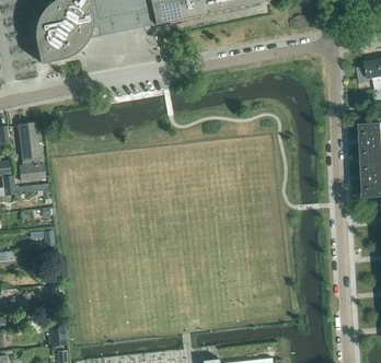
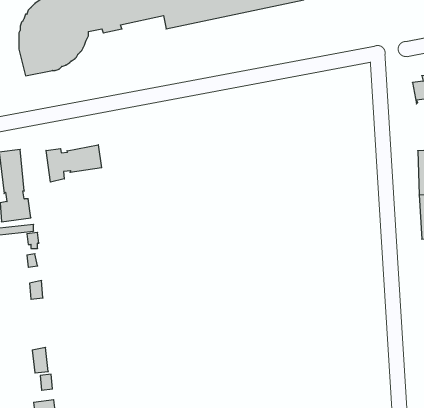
building: none -> [46,145,102,182]

